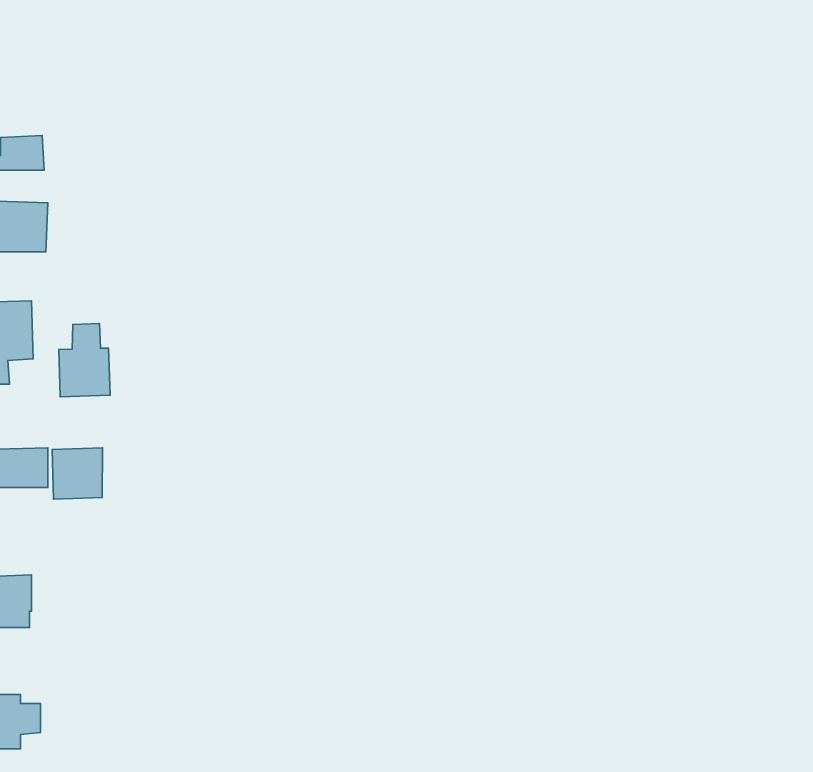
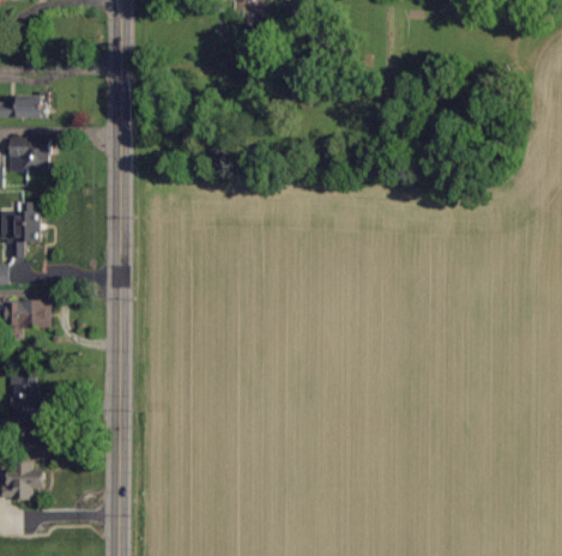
building: [59,324,110,397] -> none
building: [52,448,102,499] -> none

